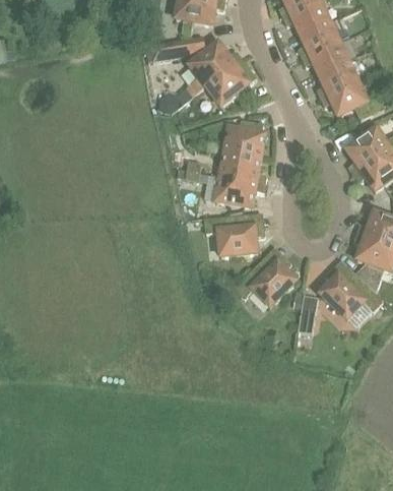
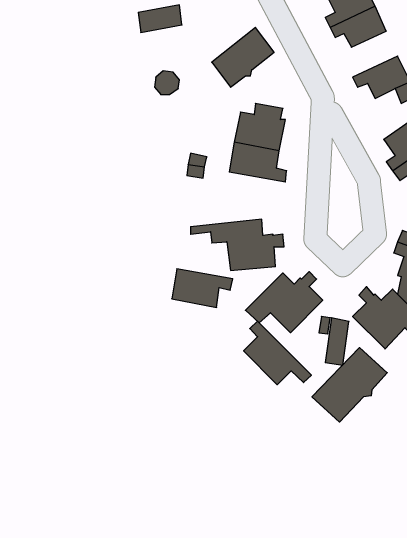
building: [186,42,241,95] -> none
building: [316,60,356,98] -> none
building: [215,175,265,206] -> [172,269,233,307]
building: none -> [244,321,311,385]
building: none -> [312,348,387,422]

